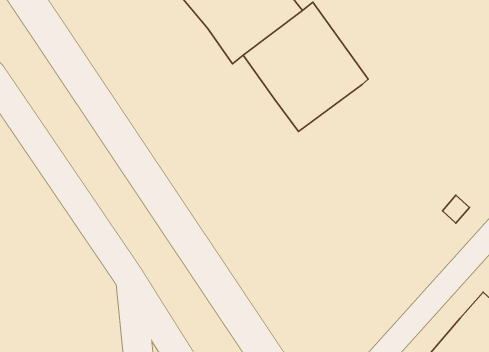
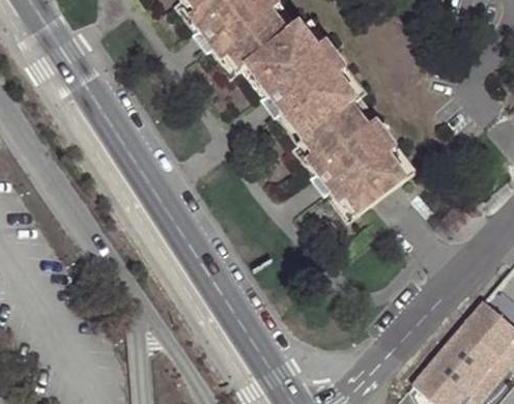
building: none -> [290,96,417,222]

